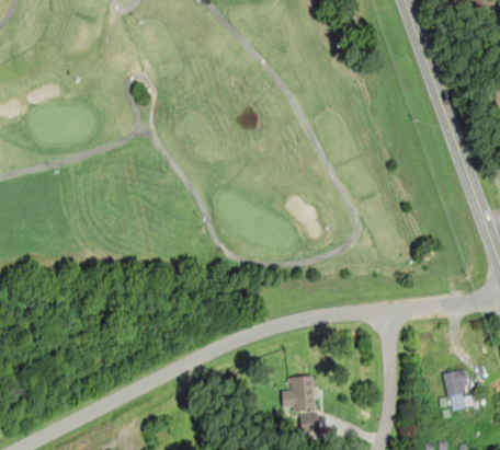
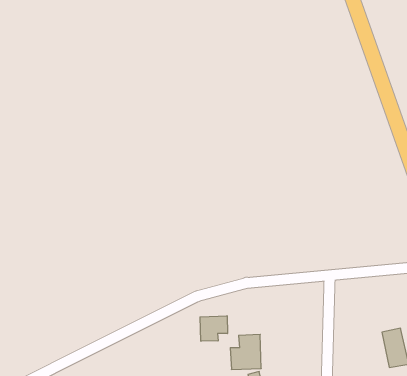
building: none -> [200,316,227,341]

